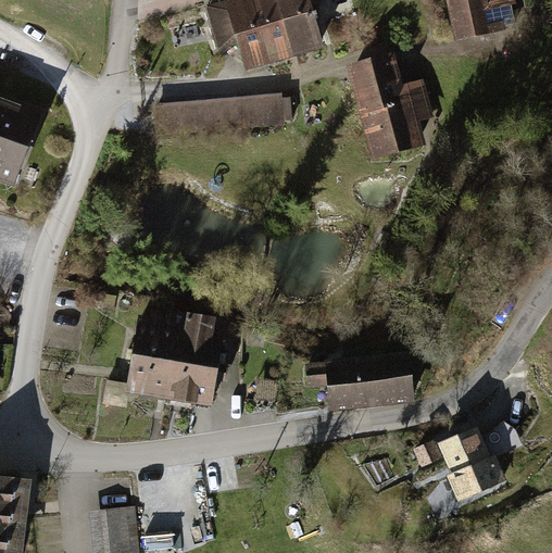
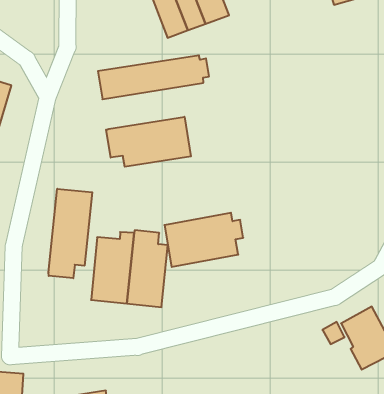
building: [348,61,430,158] -> none
building: none -> [106,117,191,167]
building: none -> [49,189,92,278]
building: [322,347,419,410] -> [164,213,243,267]

